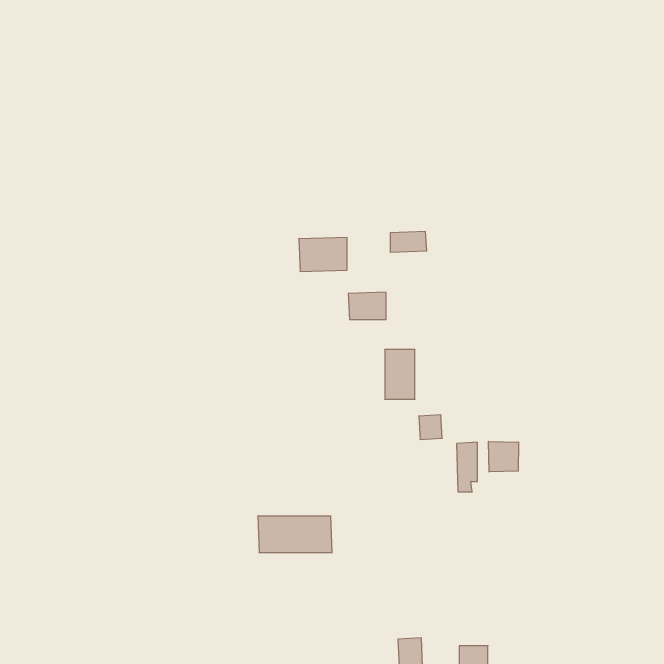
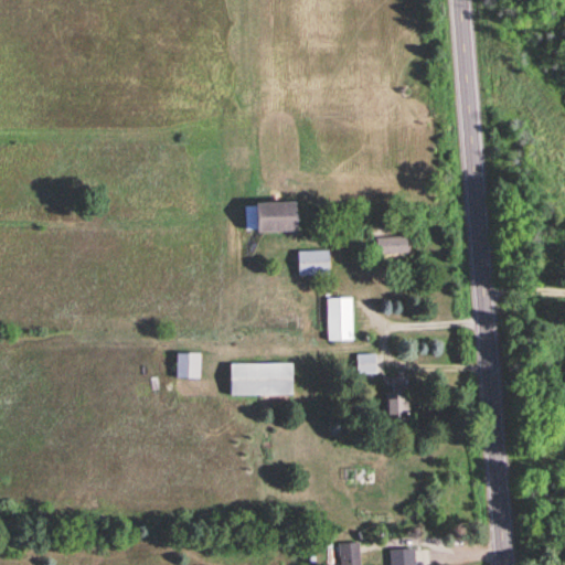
building: [390,231,427,252] -> [376,236,407,254]
building: none -> [175,353,200,377]
building: [488,441,519,472] -> none
building: [258,516,332,553] -> [230,363,292,394]

